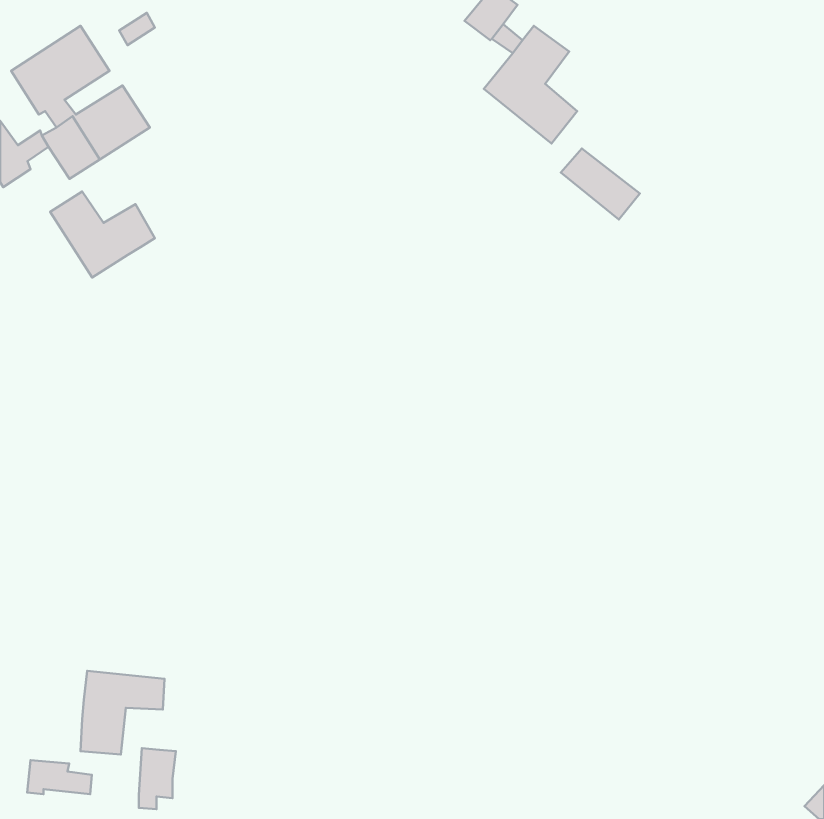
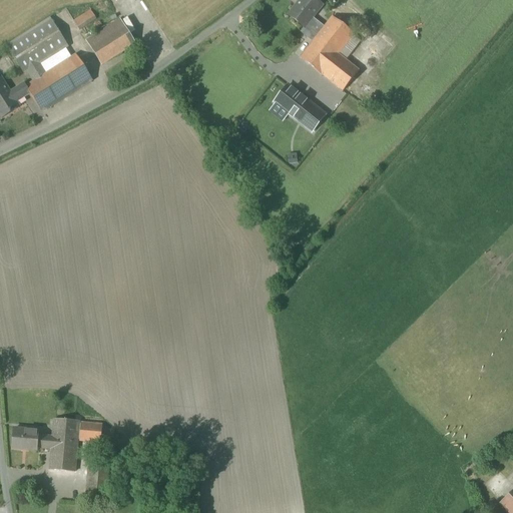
building: none -> [85,18,134,64]
building: [561,148,640,219] -> [275,85,324,129]
building: [50,192,155,278] -> none
building: [27,760,92,794] -> [12,426,52,447]

